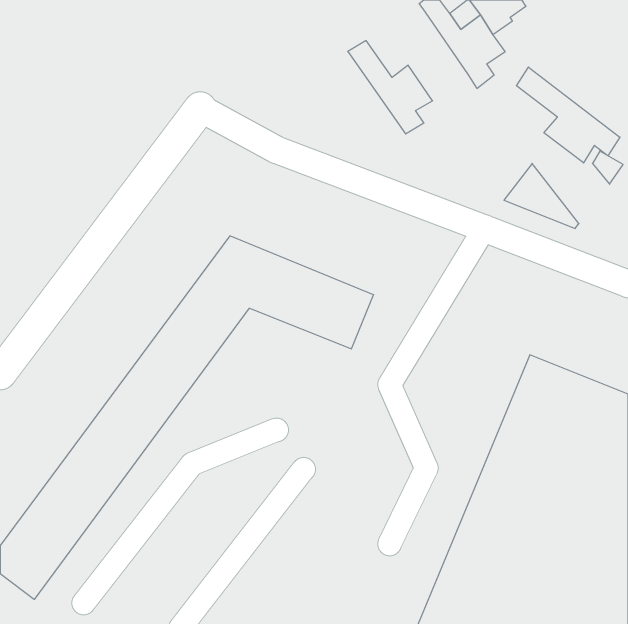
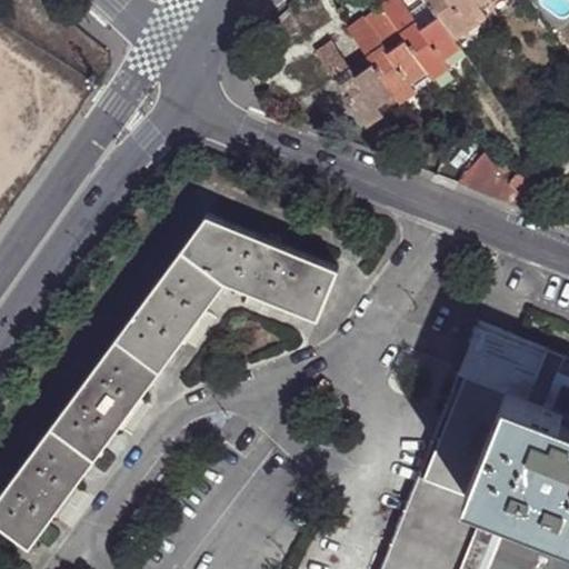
building: none -> [347,14,423,103]
building: [516,67,620,163] -> none

